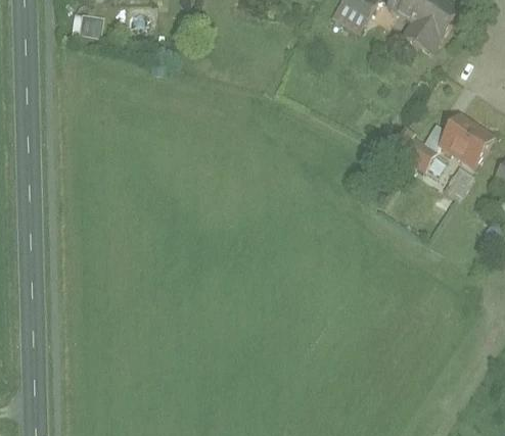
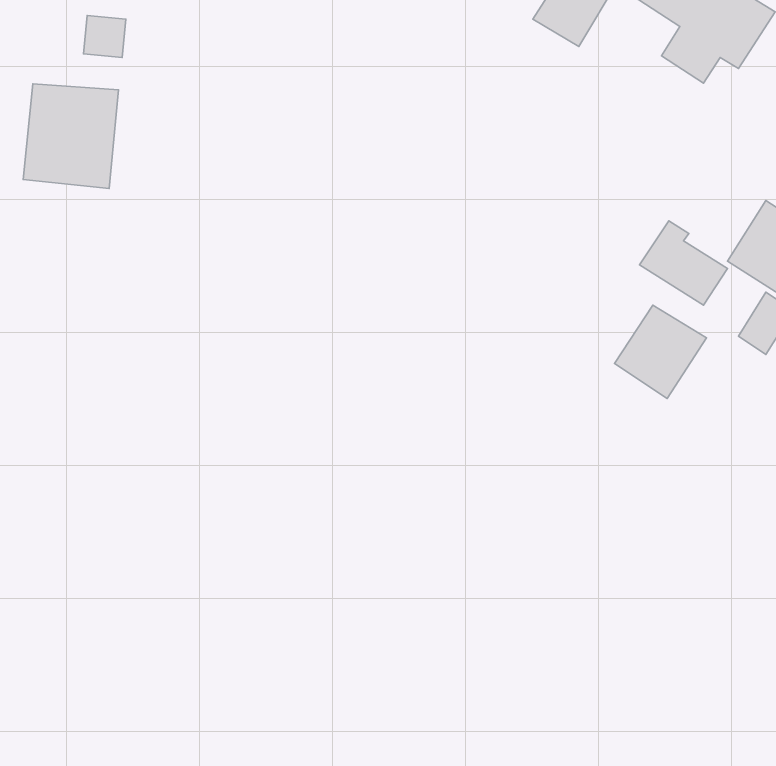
building: none -> [23,84,119,188]
building: none -> [614,305,706,398]

